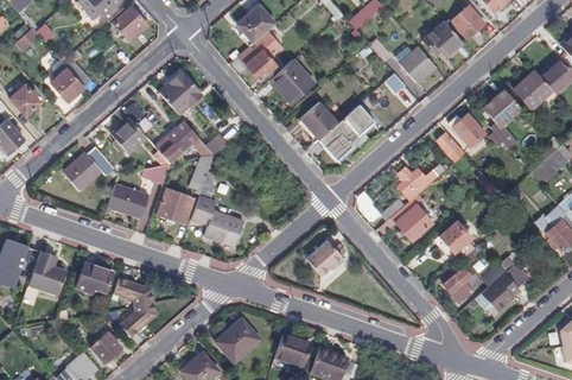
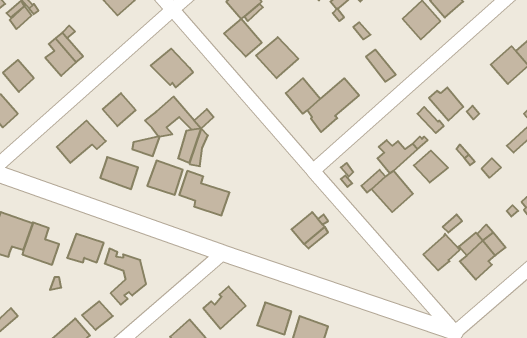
building: [399,49,436,84] -> none
building: [484,89,520,125] -> none
building: [438,220,474,253] -> [414,151,448,183]

